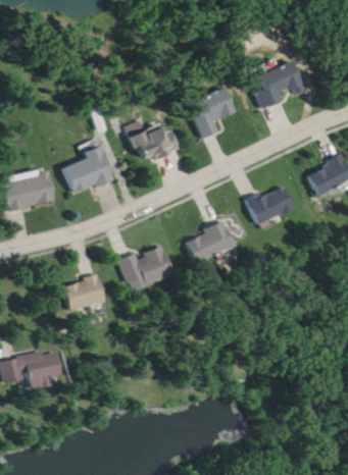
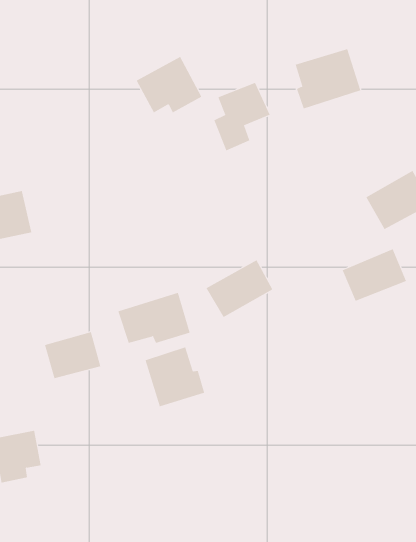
building: [129,118,179,161] -> [136,56,202,113]
building: [63,146,113,195] -> none
building: [247,186,296,225] -> [342,249,407,301]
building: none -> [145,346,205,407]

